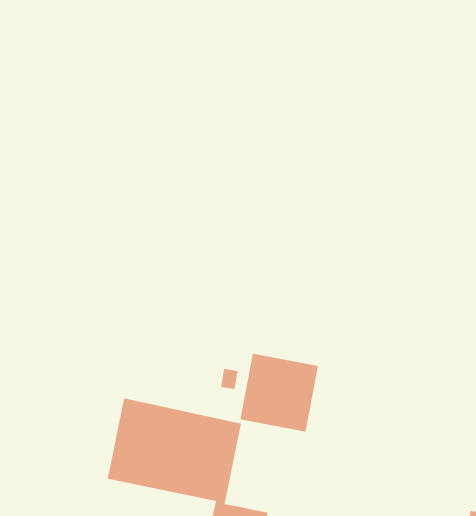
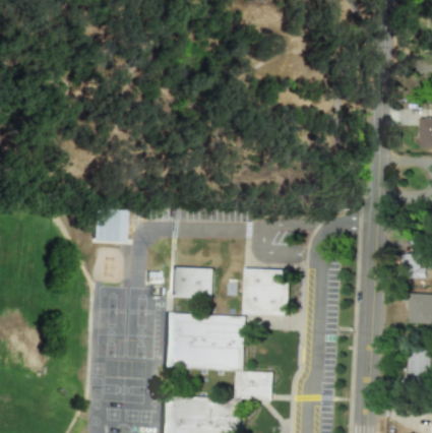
building: none -> [91,209,124,242]
building: none -> [172,266,214,298]

